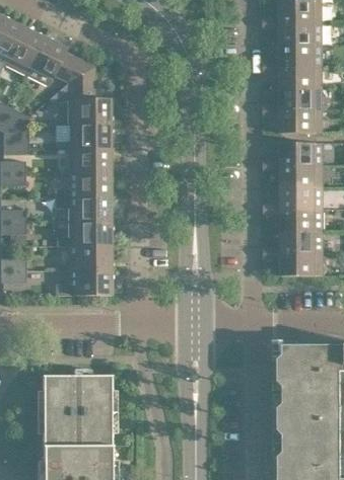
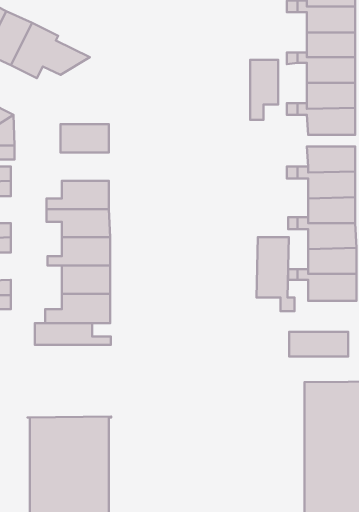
building: [67,66,109,124] -> none
building: none -> [250,60,278,120]
building: [67,148,109,172] -> none
building: none -> [257,237,294,311]
building: none -> [35,323,111,345]
building: none -> [289,332,348,356]

